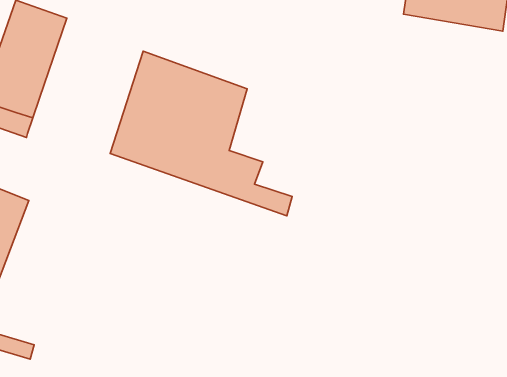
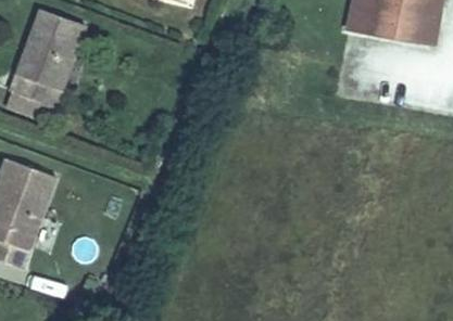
building: [110,51,292,216] -> none

